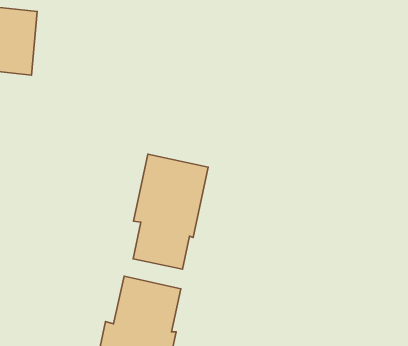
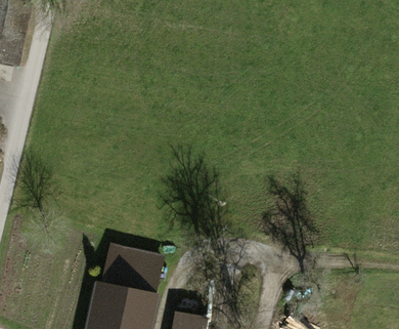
building: [133,154,208,269] -> none

